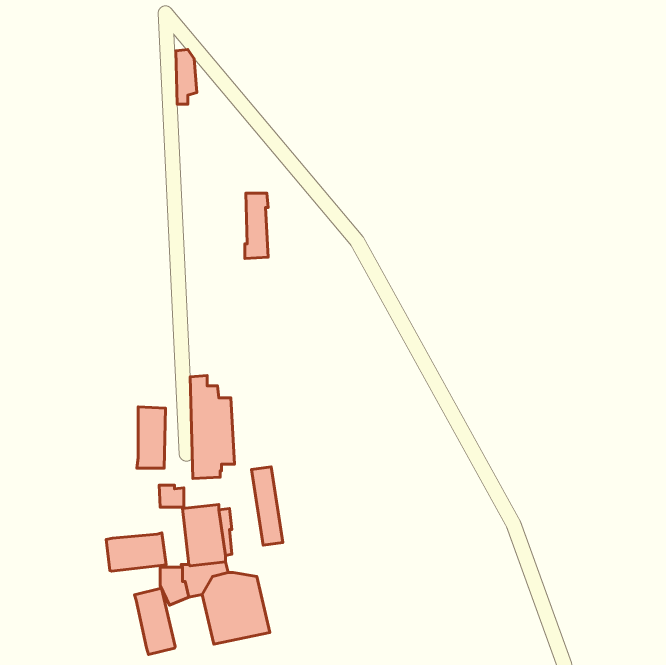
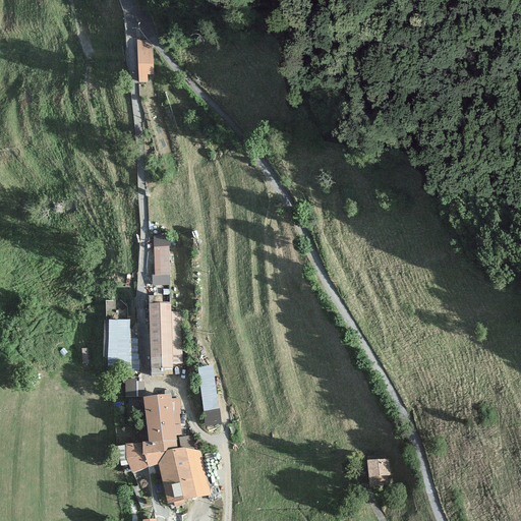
building: [245,193,268,258] -> [152,234,170,285]
building: [106,533,166,571] -> none
building: none -> [366,457,391,487]
building: [135,588,175,654] -> none

